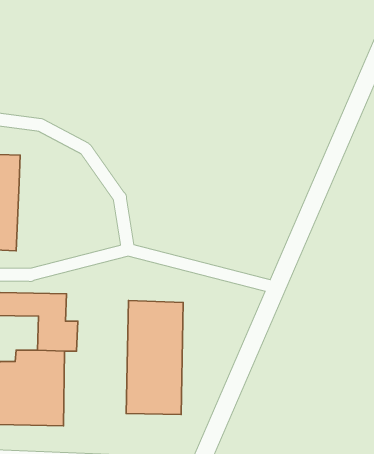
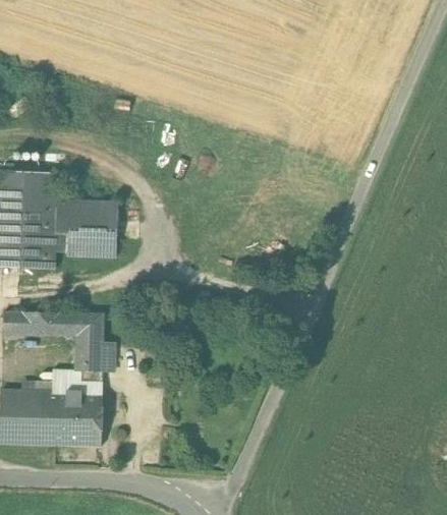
building: none -> [55,199,118,255]
building: [126,300,183,414] -> none

